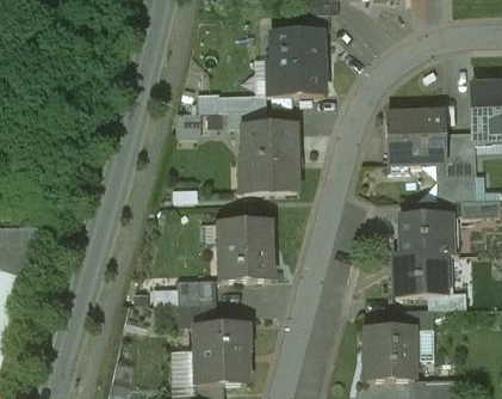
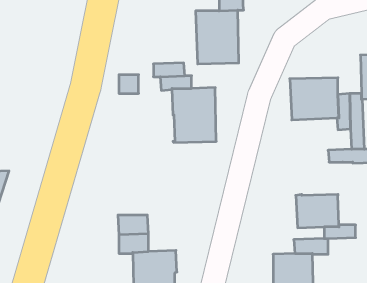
building: [399,215,459,256] -> none
building: [219,220,272,281] -> none

